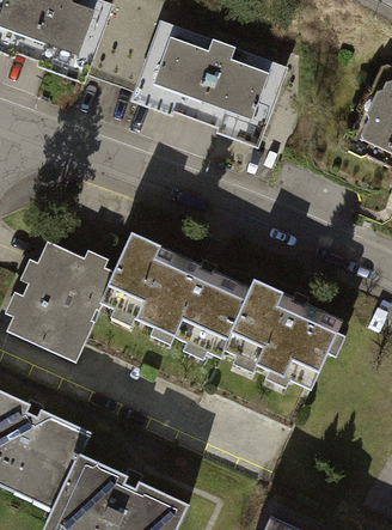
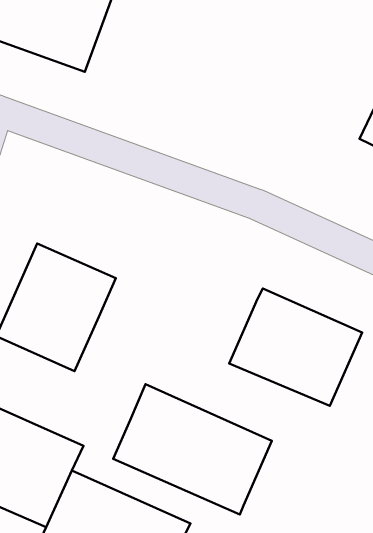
building: [137,25,286,144] -> none
building: [102,239,249,360] -> [113,384,272,514]

